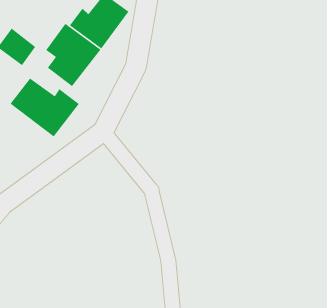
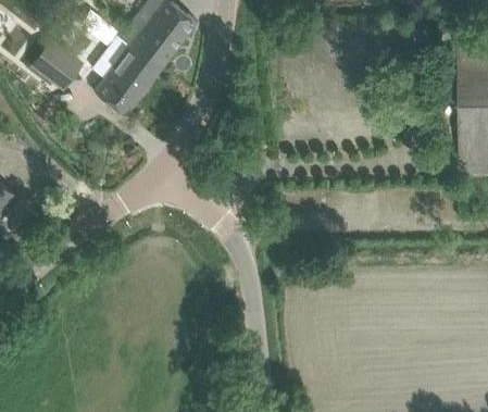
building: [9,77,80,137] -> none

